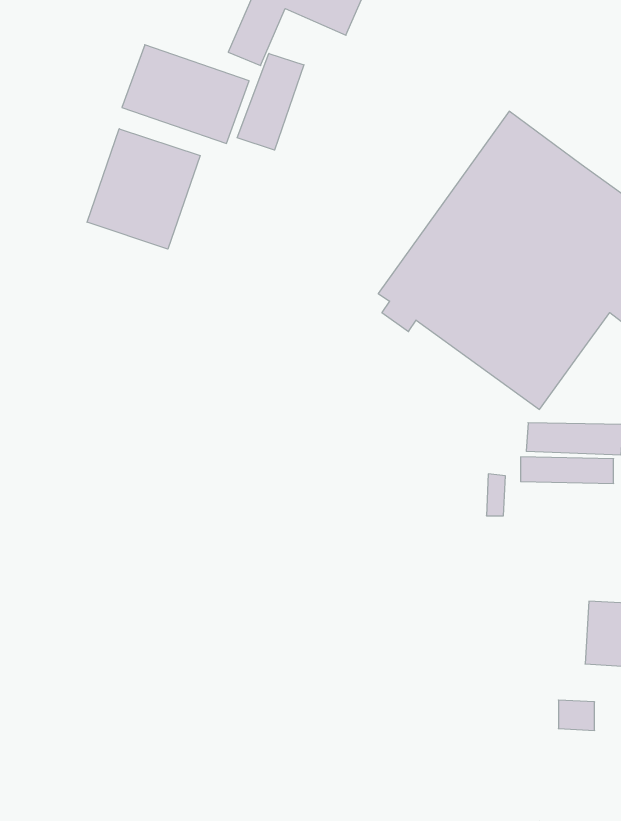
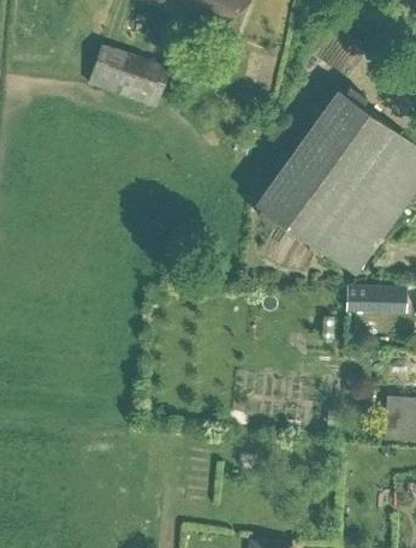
building: [237,53,304,150] -> none
building: [87,129,200,249] -> none

